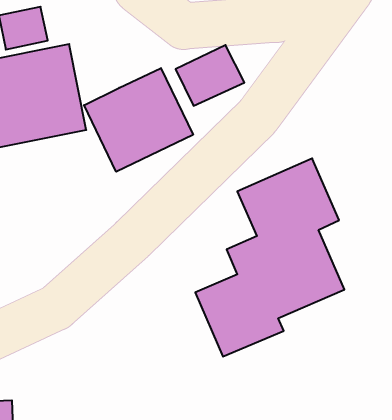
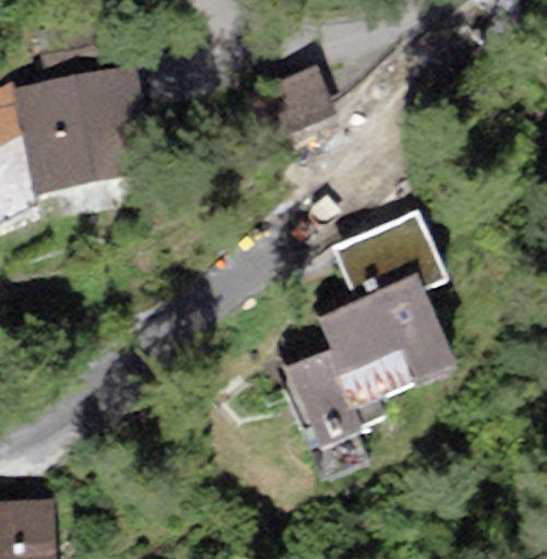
building: [84,68,193,172] -> none

